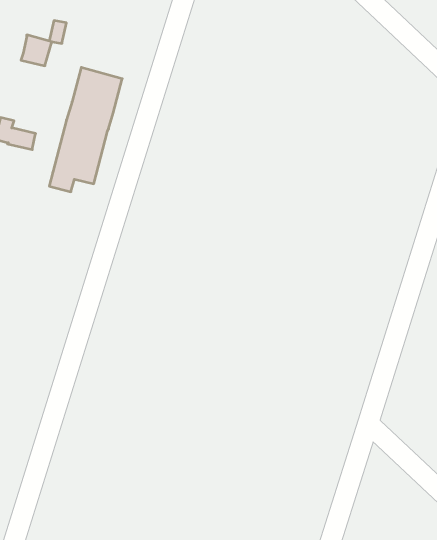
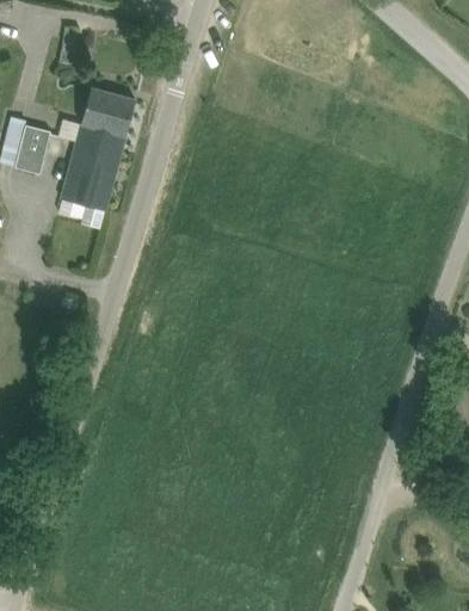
building: [21,35,52,66] -> [19,124,51,156]

